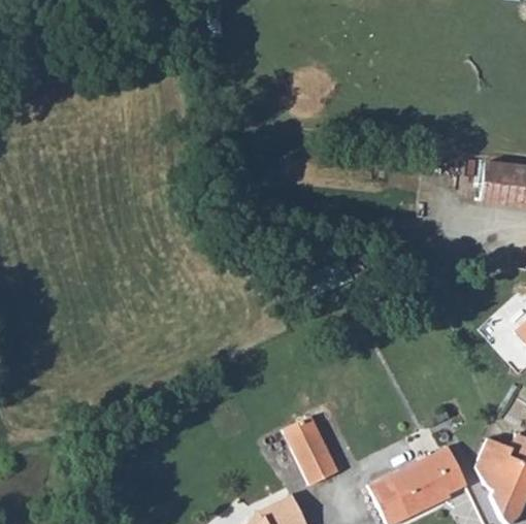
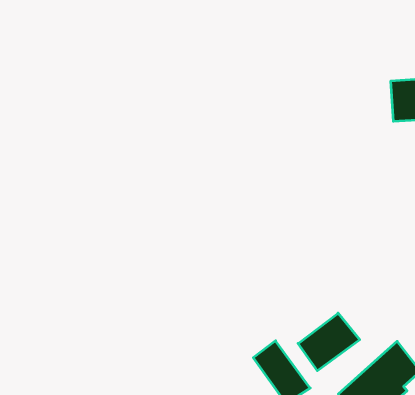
building: none -> [298,313,360,371]

